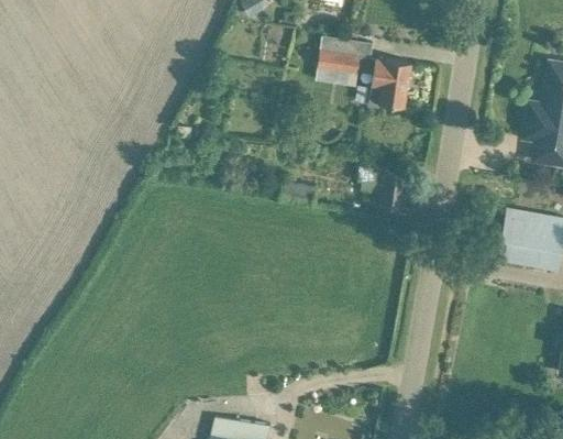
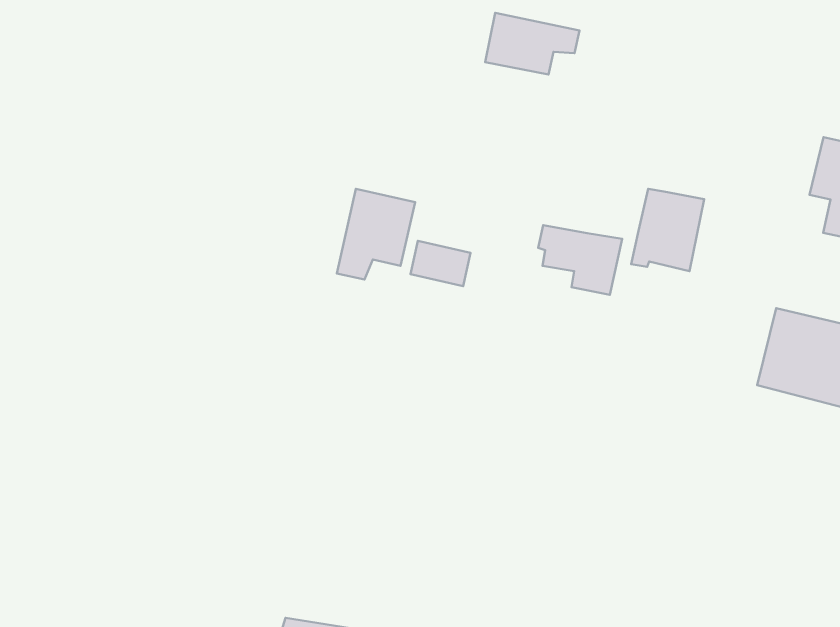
building: [369,58,412,108] -> [631,189,704,271]
building: none -> [337,189,415,280]

